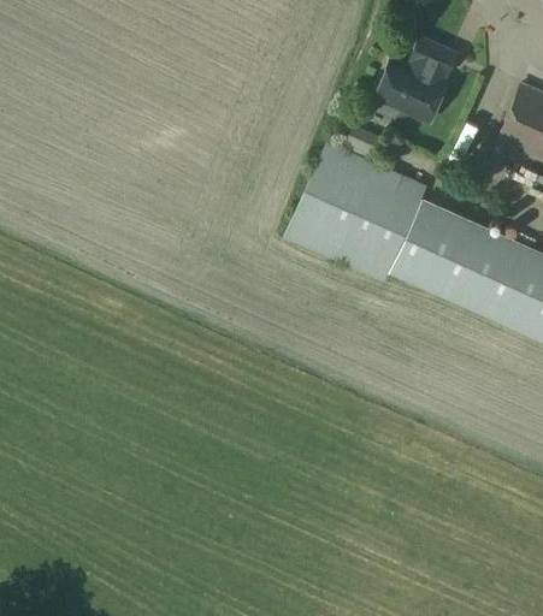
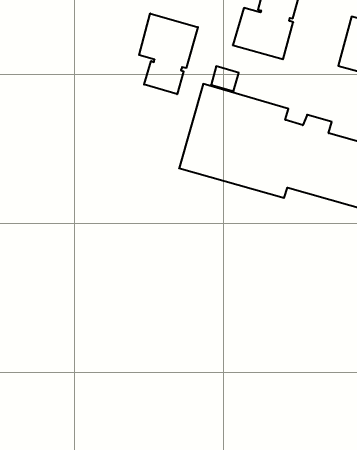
building: none -> [139,13,198,94]

